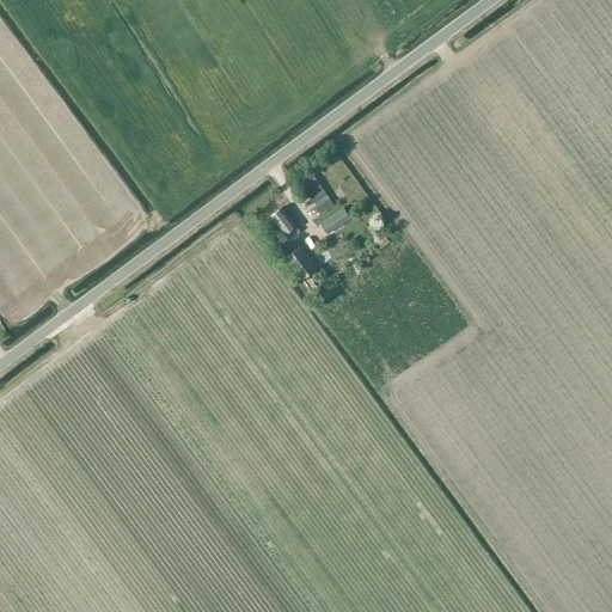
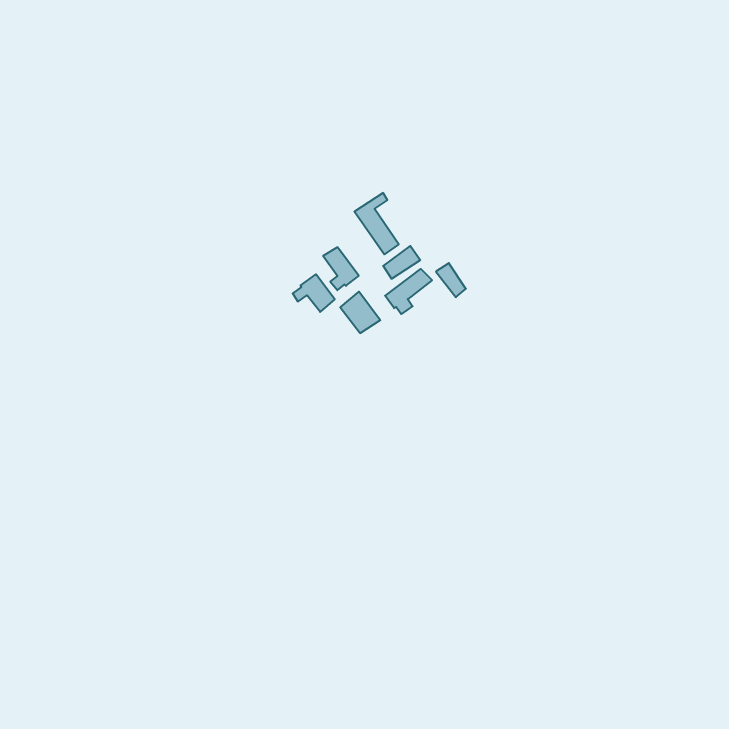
building: none -> [385,269,432,314]
building: none -> [293,274,335,312]

